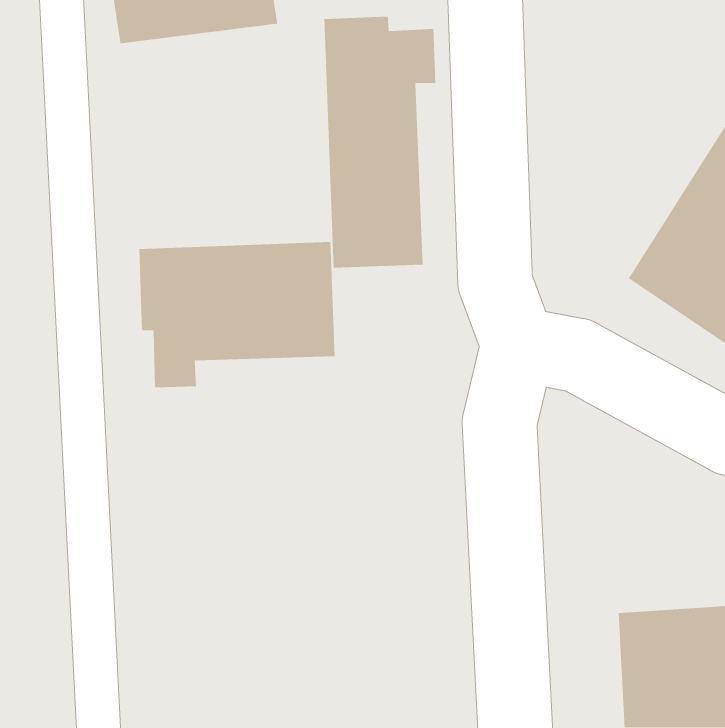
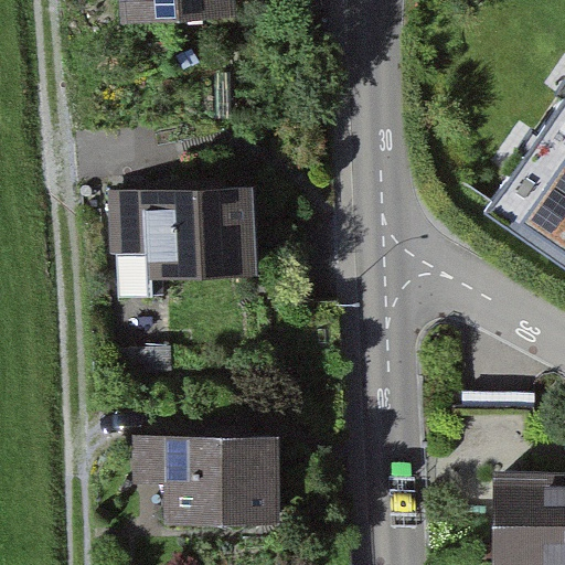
building: [324,16,436,269] -> none
building: none -> [134,436,284,527]

